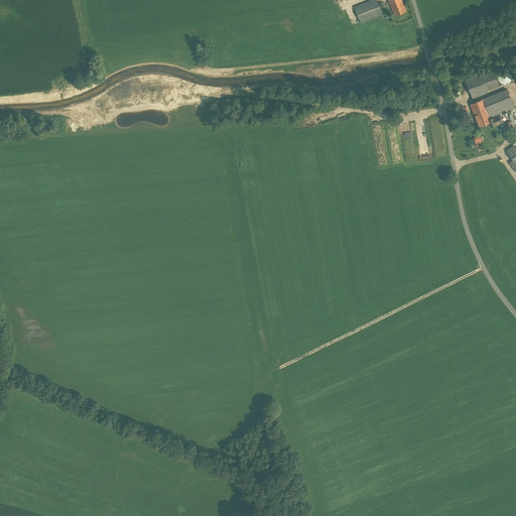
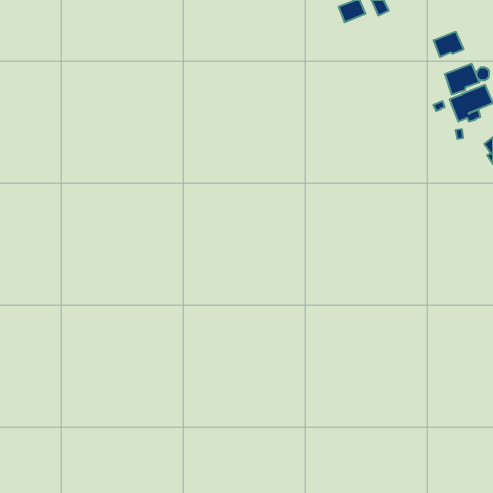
building: none -> [434,32,463,57]

